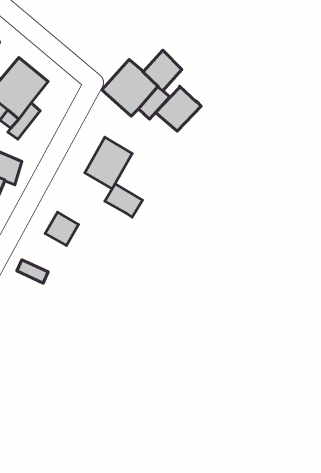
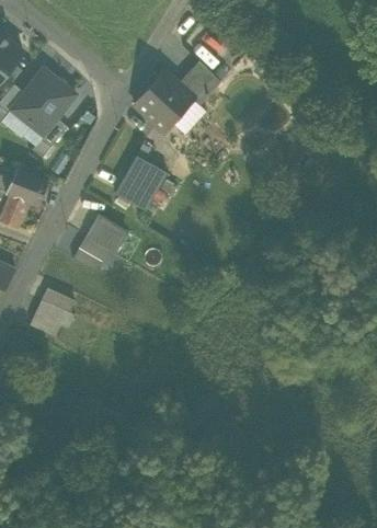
building: [155,86,201,131] -> none
building: [105,184,142,217] -> [85,217,126,253]
building: none -> [30,299,75,334]

